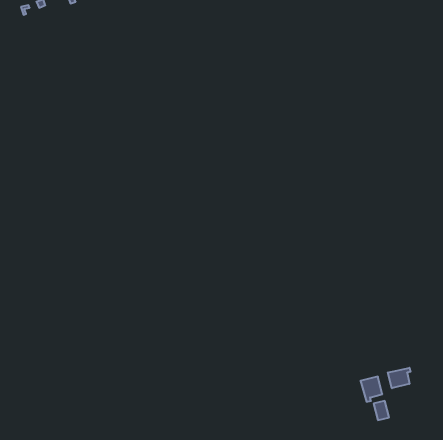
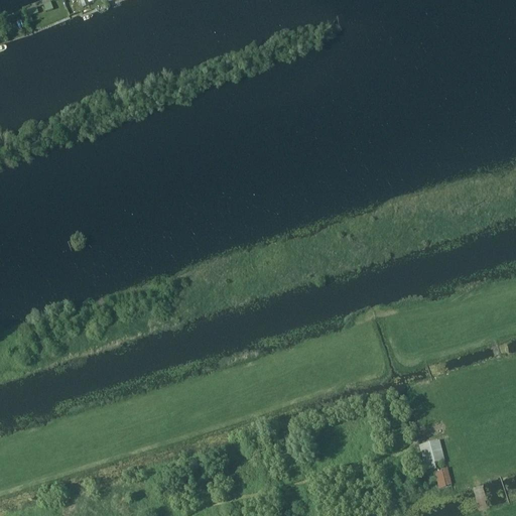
building: [388,368,411,388] -> none

